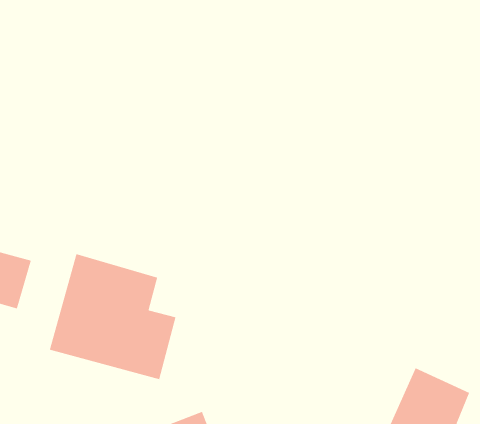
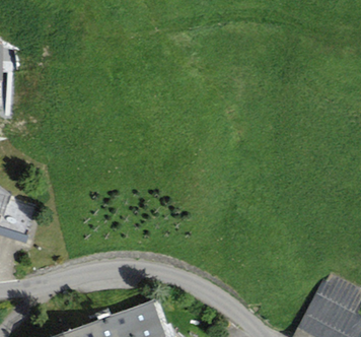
building: [49,253,177,380] -> none

